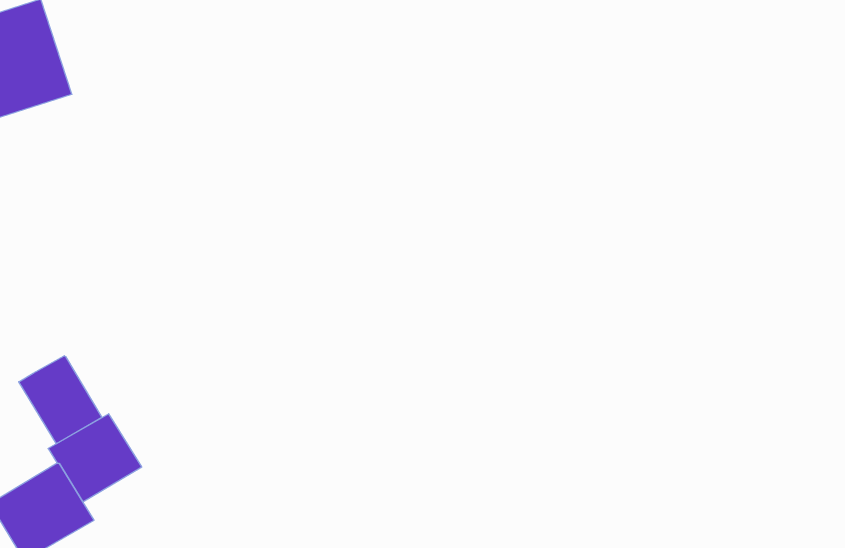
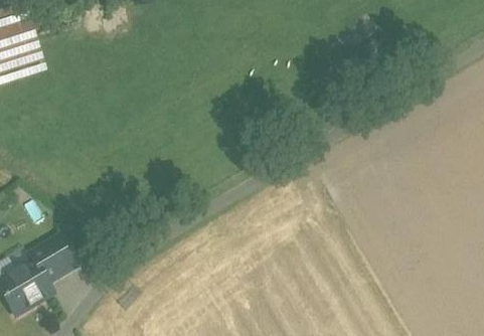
building: [19,356,102,444] -> none

